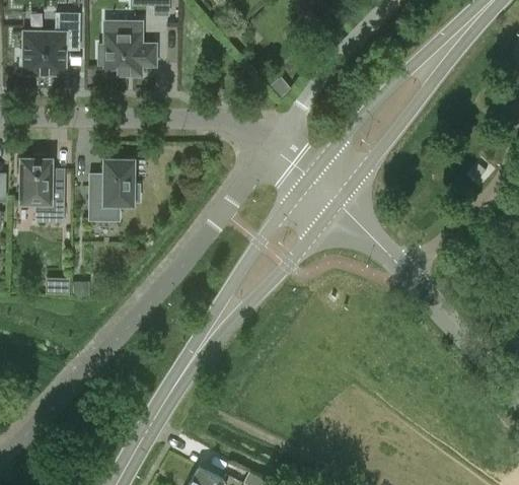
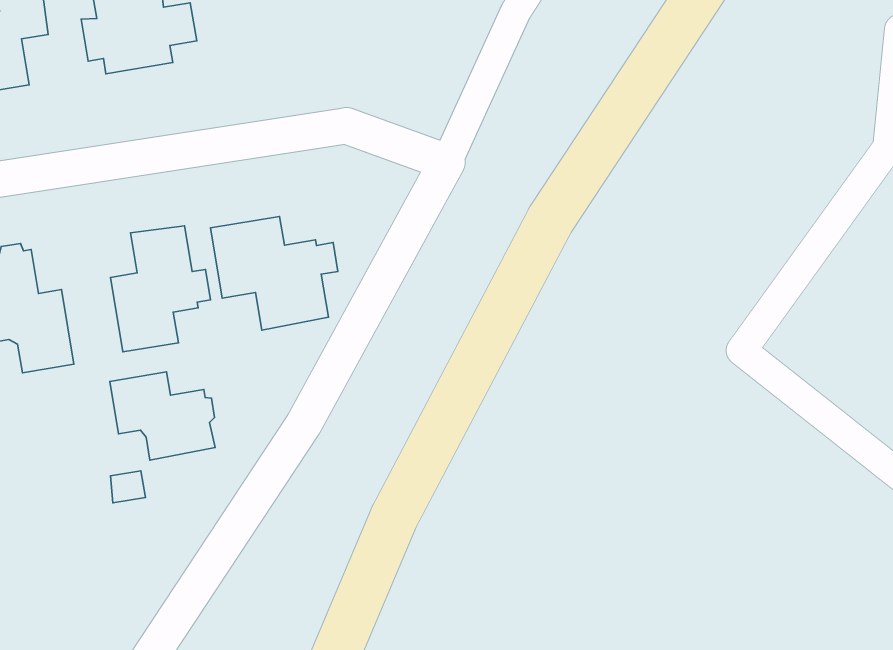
building: none -> [210,216,338,330]
building: none -> [110,372,215,460]

